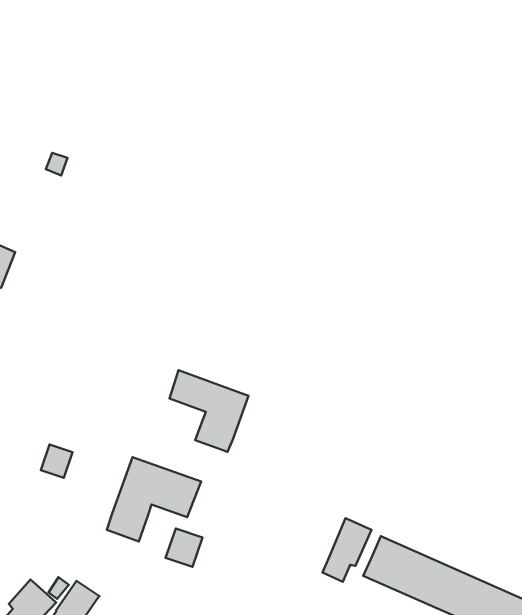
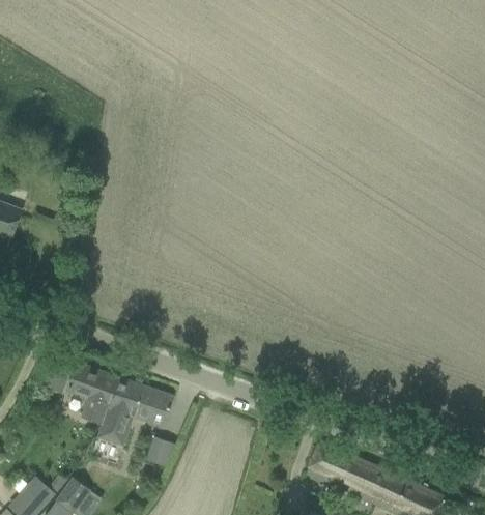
building: [170,370,248,452] -> none
building: none -> [67,365,118,422]
building: [322,518,371,582] -> none

